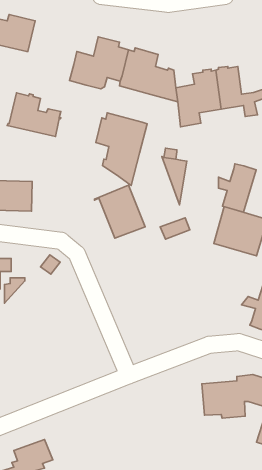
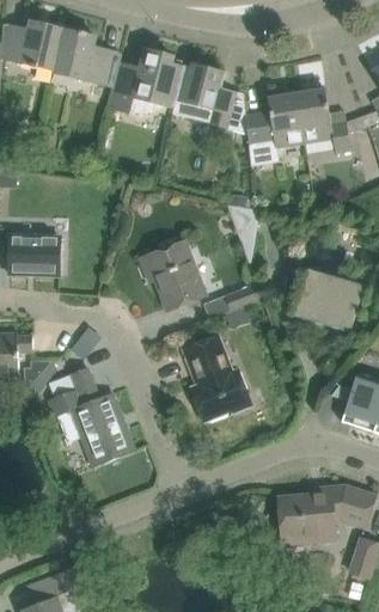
building: [7,93,61,137] -> [51,30,121,86]
building: [96,113,147,186] -> none
building: [218,164,256,212] -> none
building: none -> [184,336,249,421]
building: none -> [49,368,134,466]

